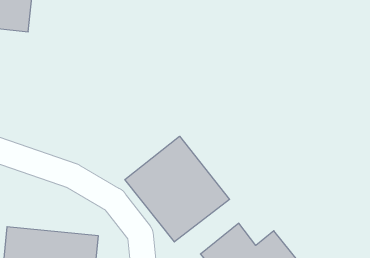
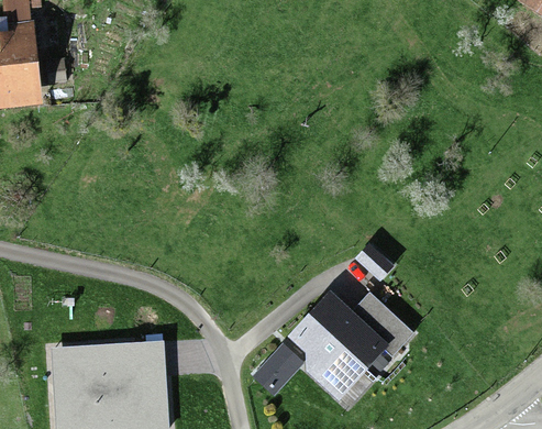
building: [125,136,230,242] -> none

